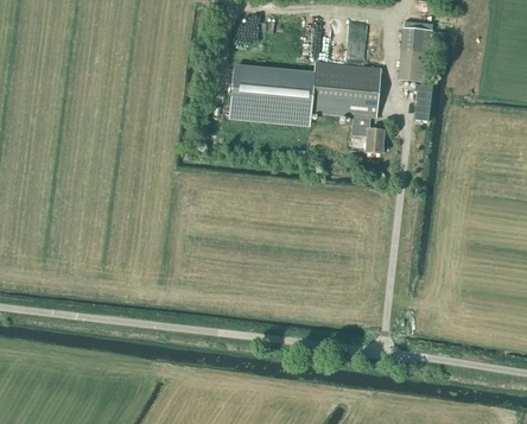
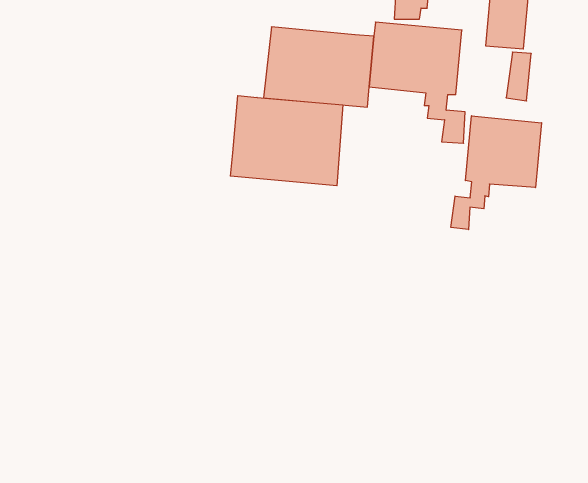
building: none -> [230,96,343,186]
building: none -> [451,116,542,230]

